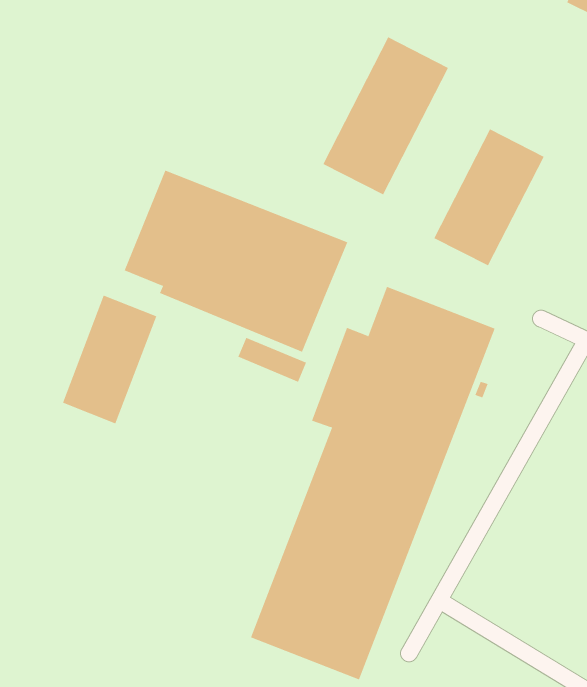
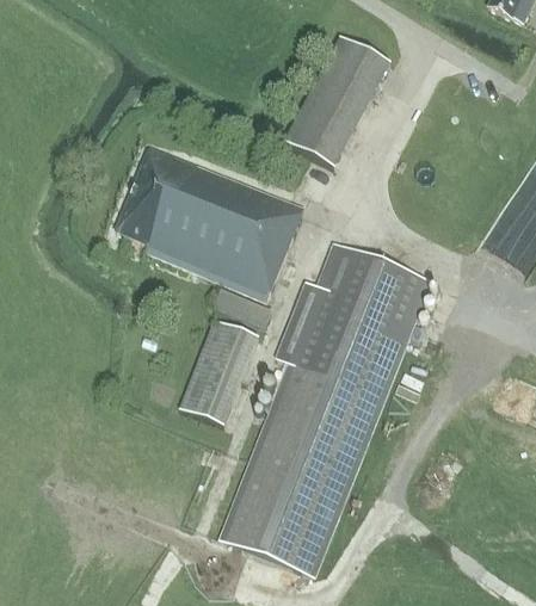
building: [434,129,544,266] -> none
building: [62,295,157,424] -> [178,316,258,425]

